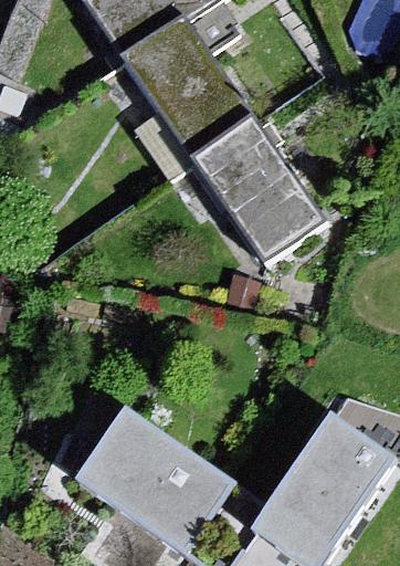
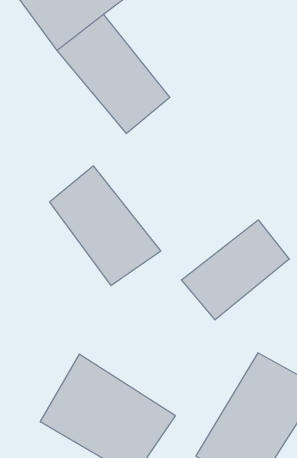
building: [197,122,318,258] -> [50,166,161,286]
building: none -> [181,220,289,320]

